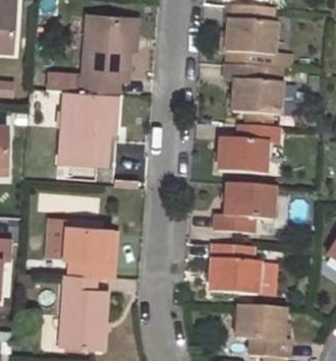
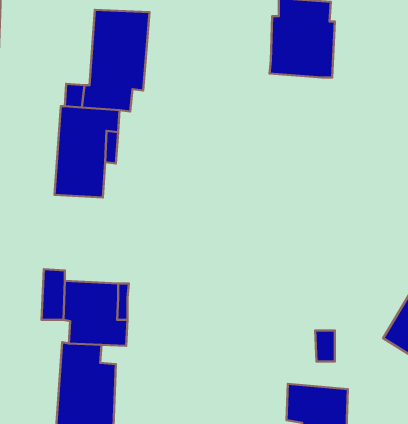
building: [225,65,283,117] -> none
building: [218,125,280,178] -> none
building: [215,184,276,234] -> none
building: [208,245,255,296] -> none

